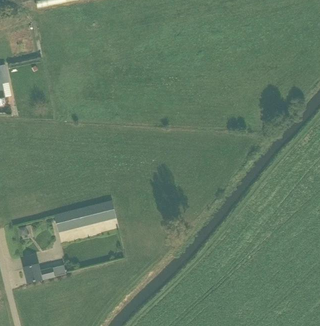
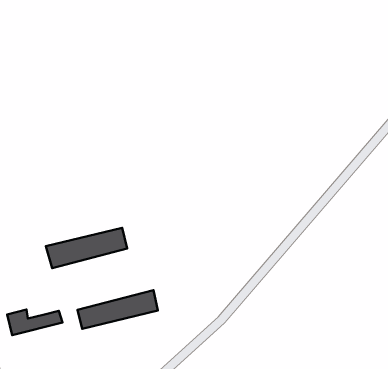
building: none -> [78,290,158,329]

